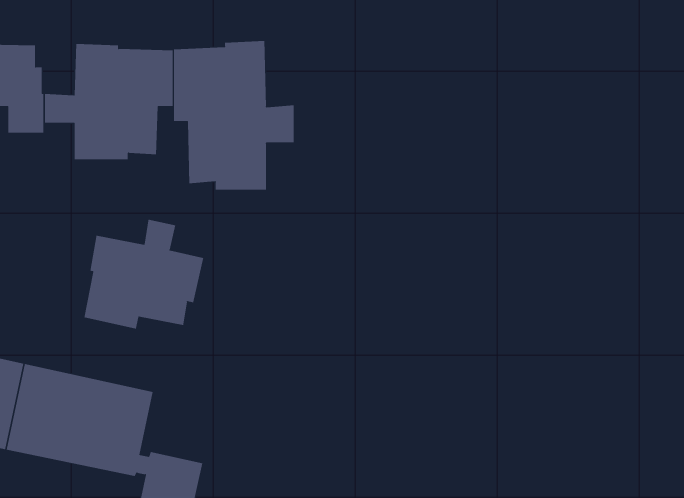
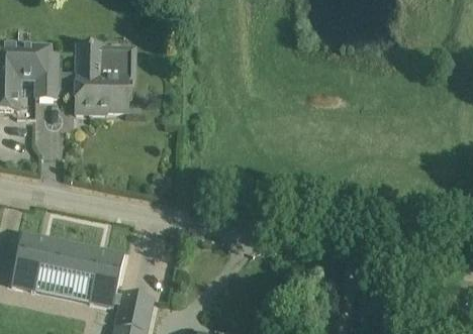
building: [173,40,294,190] -> none
building: [84,219,204,330] -> none

